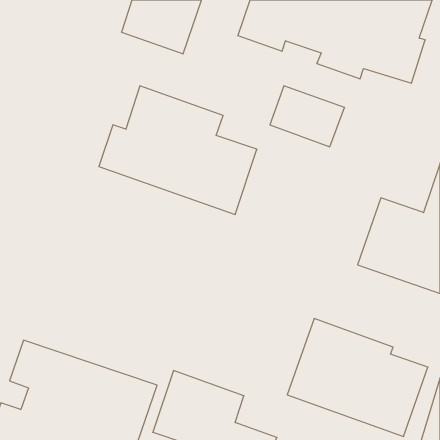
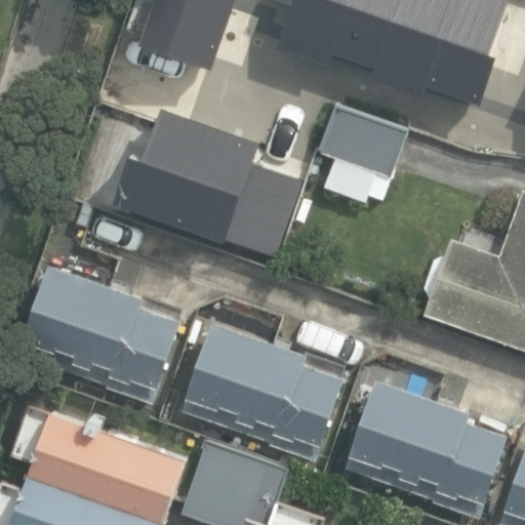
building: none -> [16,264,180,407]
building: none -> [178,320,346,461]

